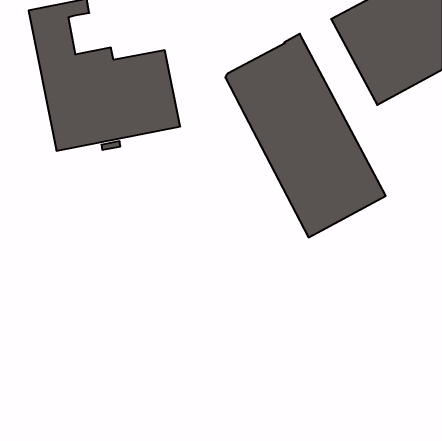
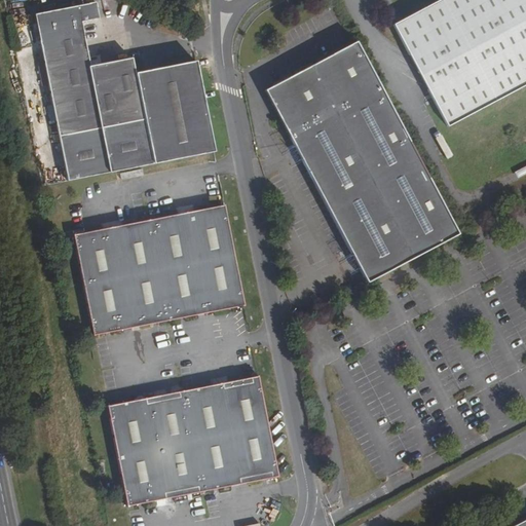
building: none -> [74,202,245,333]
building: none -> [108,374,278,504]

